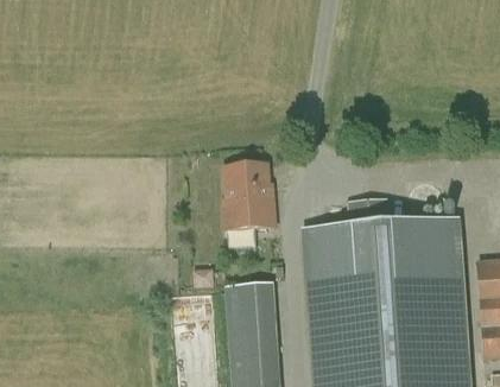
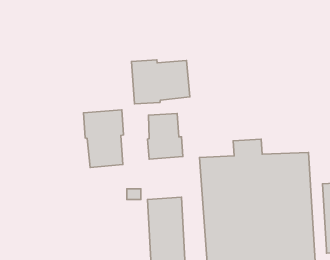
building: none -> [132,60,190,104]
building: none -> [83,110,124,168]

